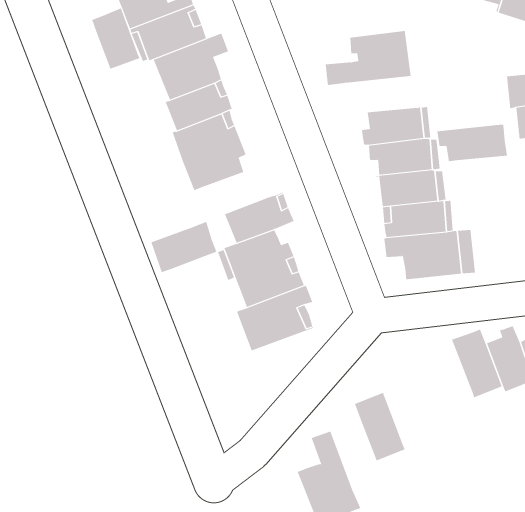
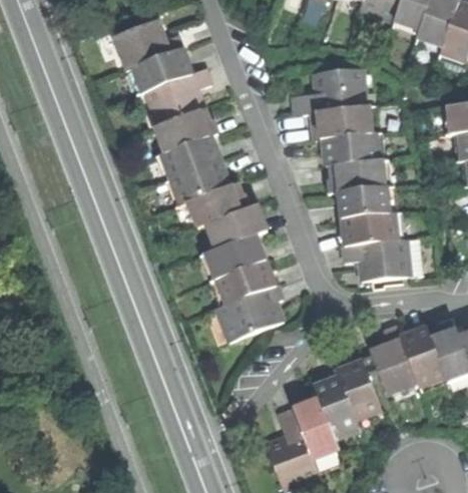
building: [91,8,141,70] -> none
building: [436,124,508,163] -> [310,105,371,138]
building: [151,221,217,273] -> [187,182,245,226]
building: none -> [369,322,418,389]
building: none -> [340,360,384,420]
building: none -> [297,399,341,459]

